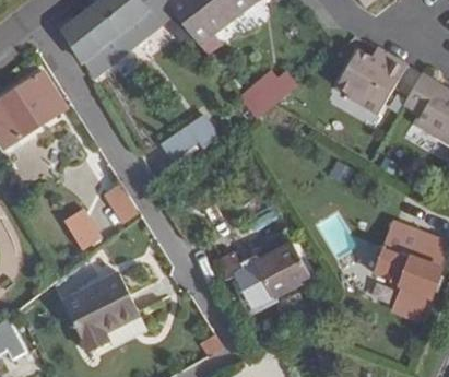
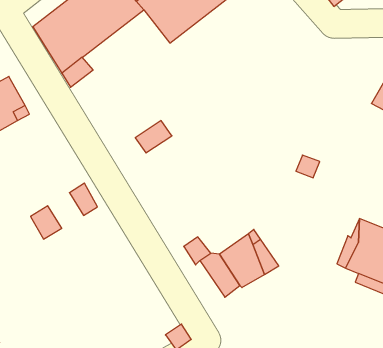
building: [338,48,410,117] -> none
building: [235,68,298,116] -> none
building: [63,266,140,347] -> none

